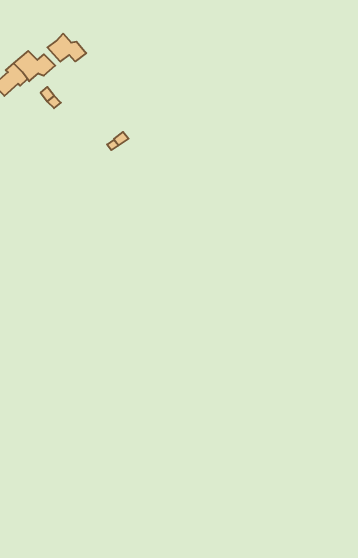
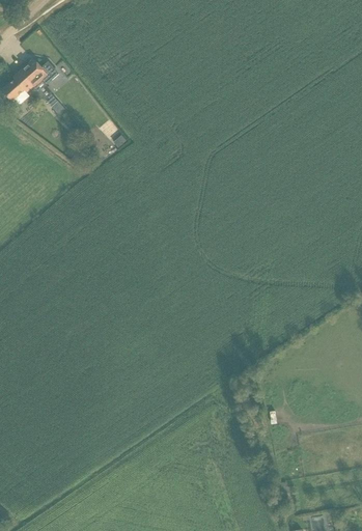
building: [47,34,86,62] -> none

